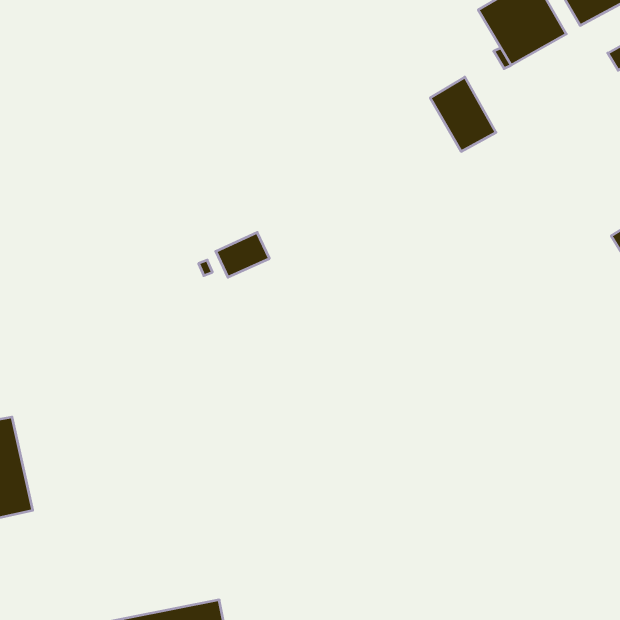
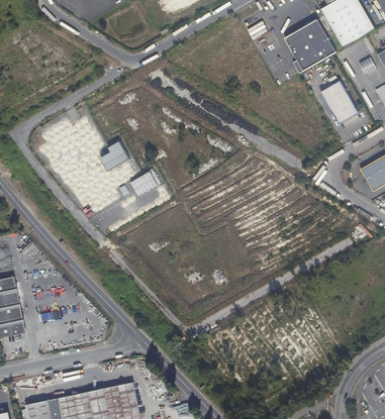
building: [430,77,496,151] -> [320,80,359,123]
building: none -> [99,140,128,171]

